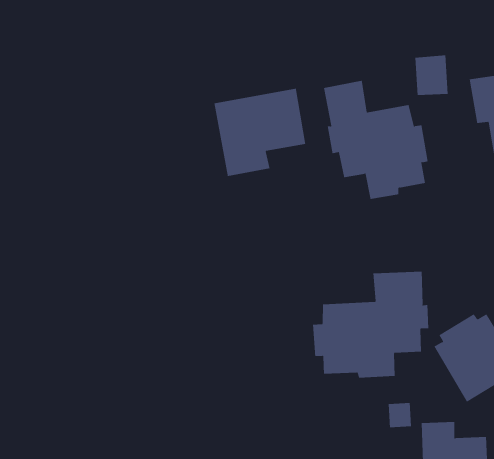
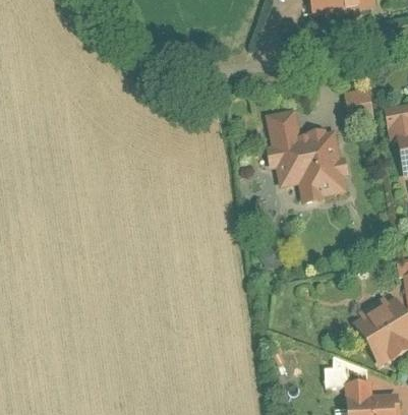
building: [214,88,306,177] -> none
building: [313,271,429,379] -> none

